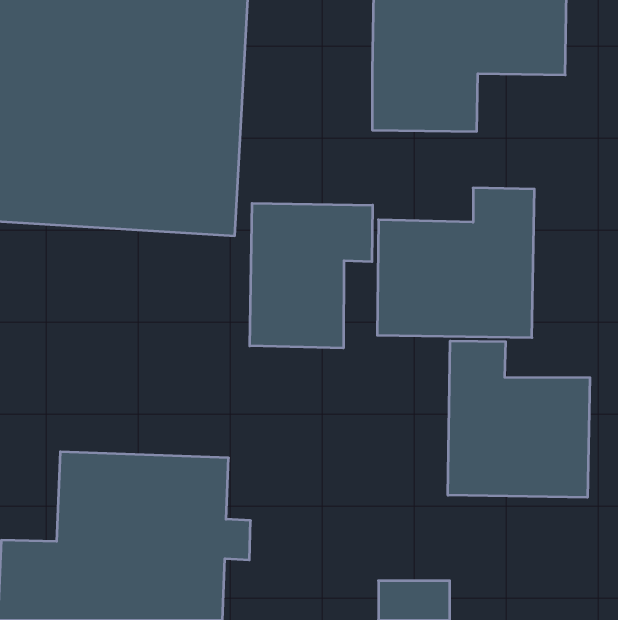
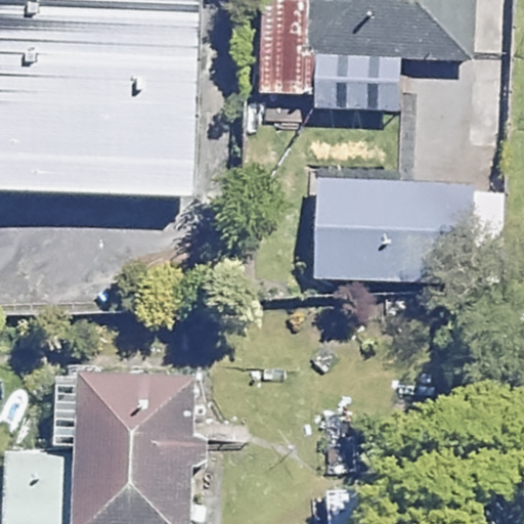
building: [250,203,373,348] -> none
building: [448,341,590,497] -> none

